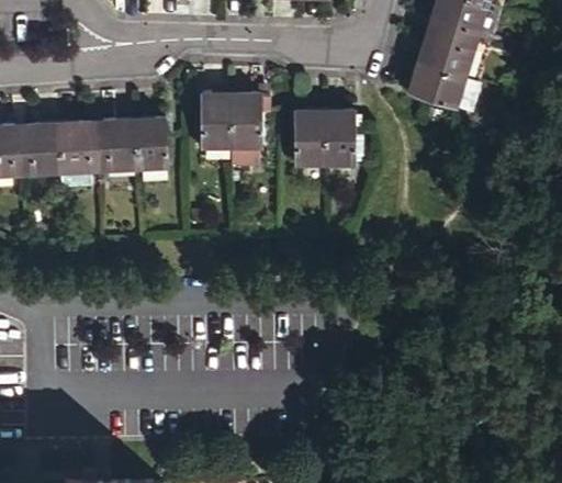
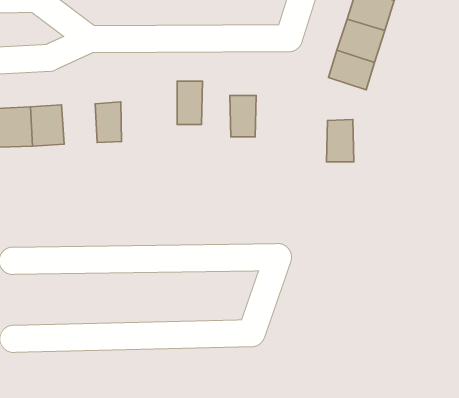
building: [202,96,232,146] -> none
building: [323,111,355,160] -> [326,120,354,162]
building: [97,122,138,169] -> none

